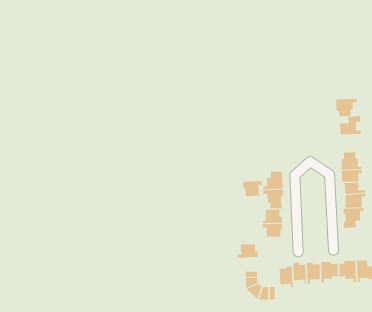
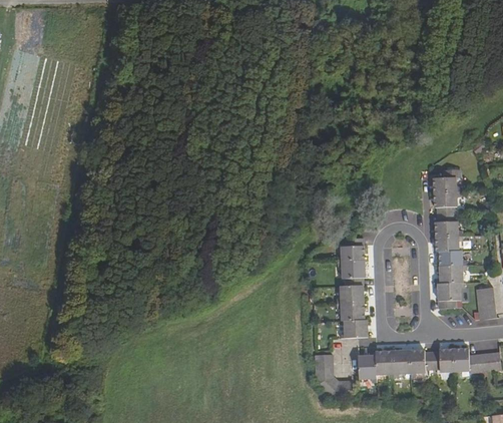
building: [336,98,357,117] -> [434,190,461,214]
building: [243,180,263,197] -> none
building: [237,244,258,258] -> [340,319,367,337]

